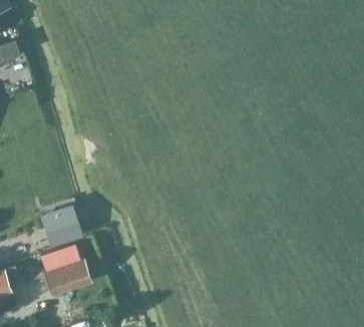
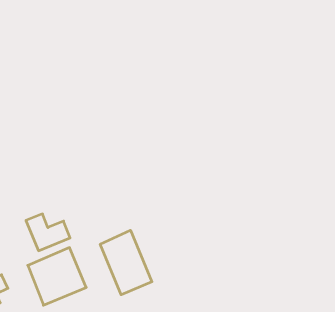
building: none -> [100,230,152,295]

